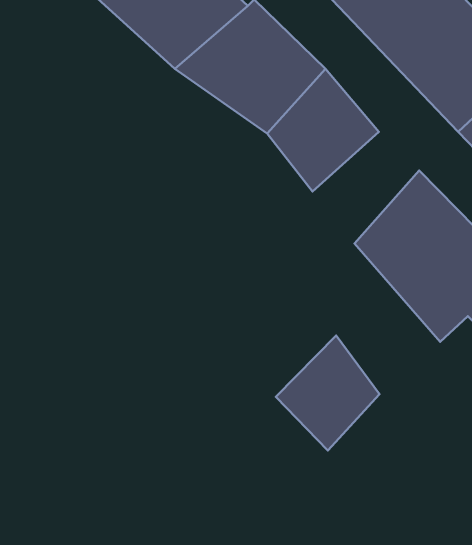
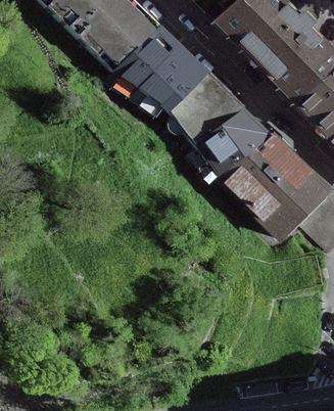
building: none -> [203,110,271,181]
building: [276,336,380,450] -> none

